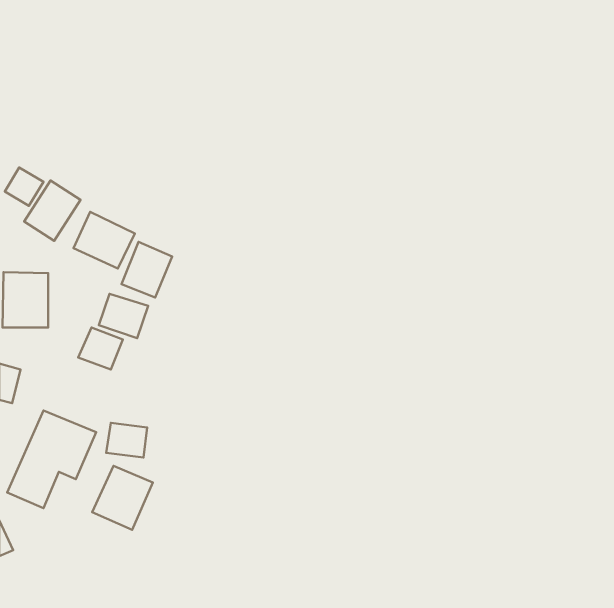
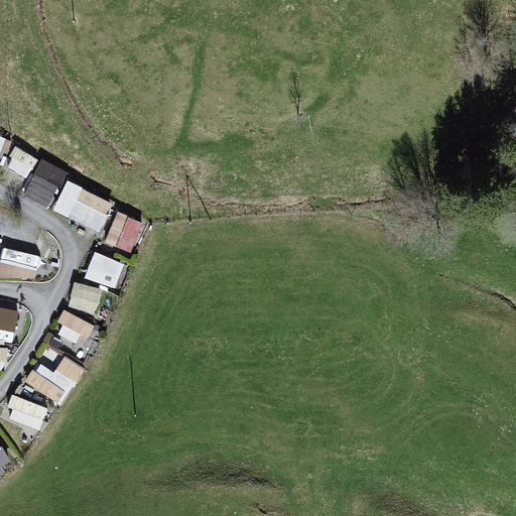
building: [106,423,147,458] -> [57,313,92,343]
building: [92,466,153,530] -> none

